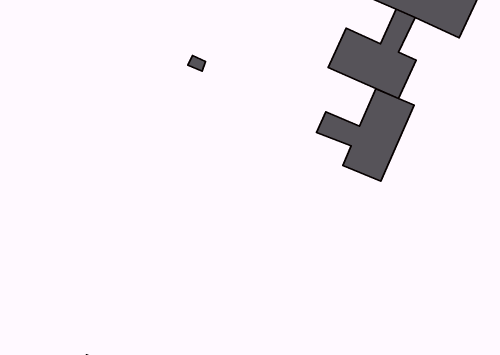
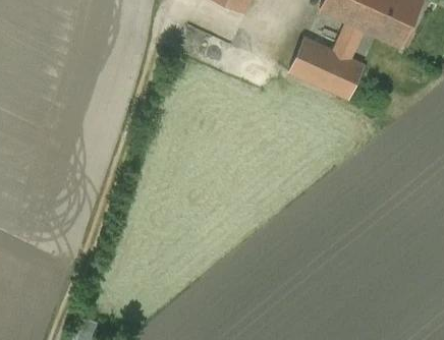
building: [317,89,414,181] -> none

